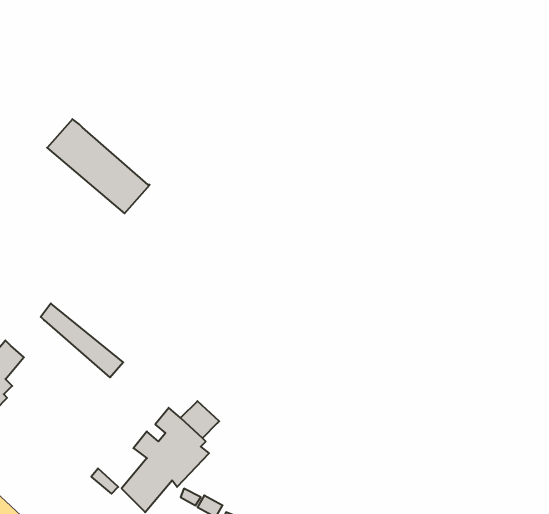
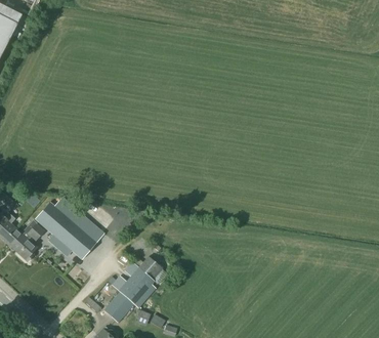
building: [47,119,150,213] -> [35,202,97,259]

